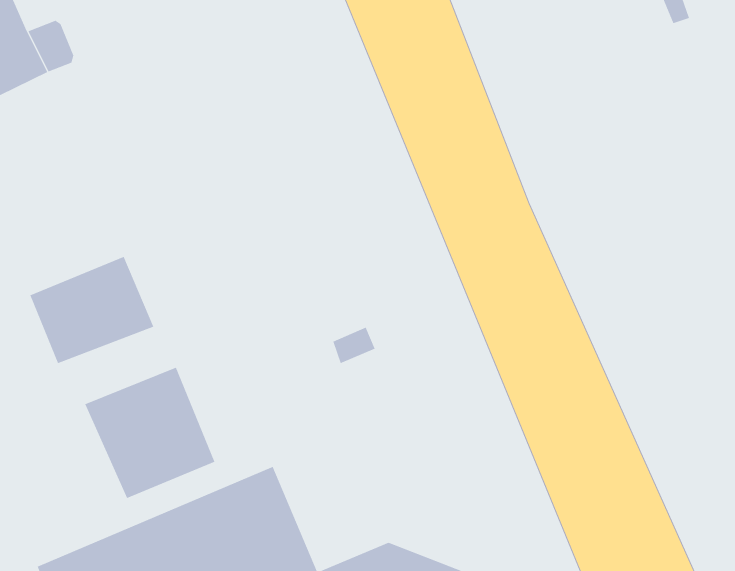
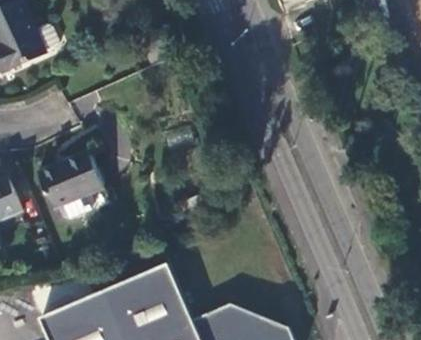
building: [84,367,215,499] -> none

